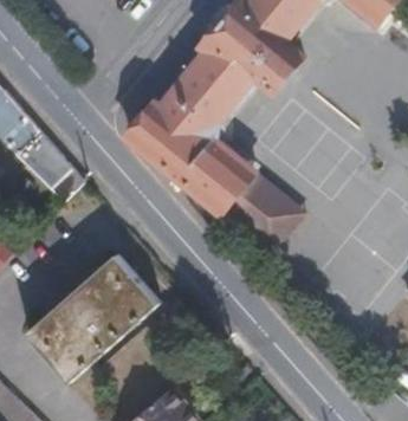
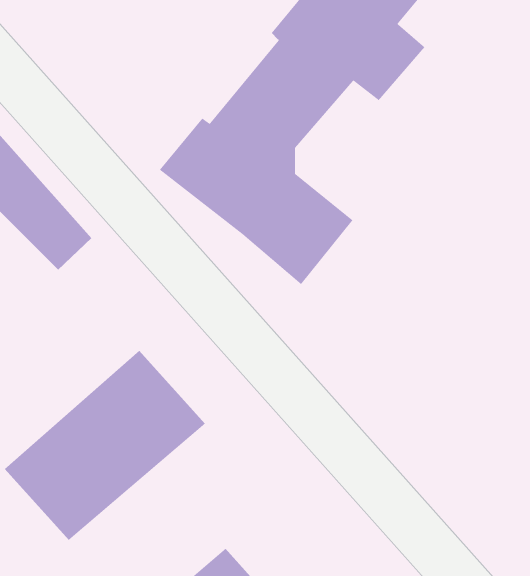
building: [222,169,305,250] -> none

